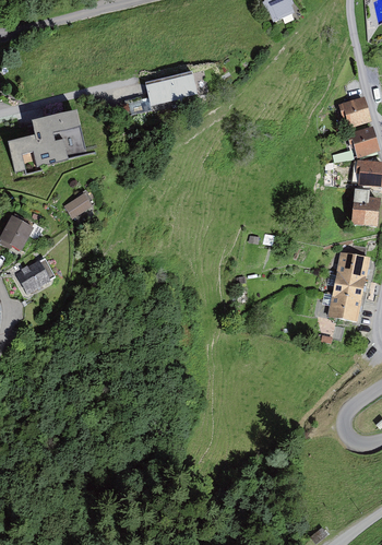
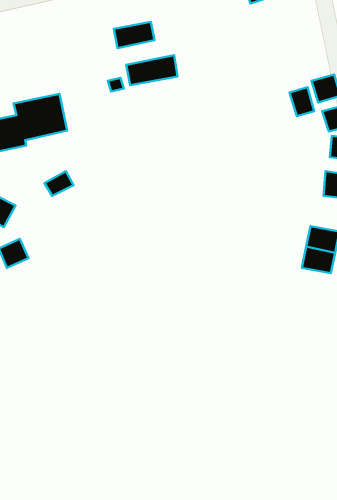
building: none -> [114,22,155,48]
building: none -> [289,87,314,116]
building: [324,292,358,319] -> none

